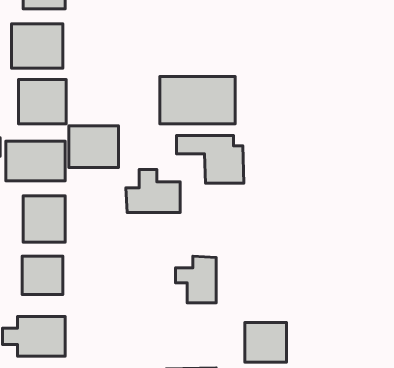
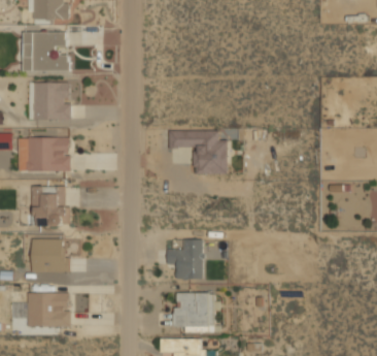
building: [160,76,235,124] -> none
building: [69,126,119,168] -> none
building: [126,169,180,213] -> none
building: [245,323,287,362] -> [173,292,210,327]

